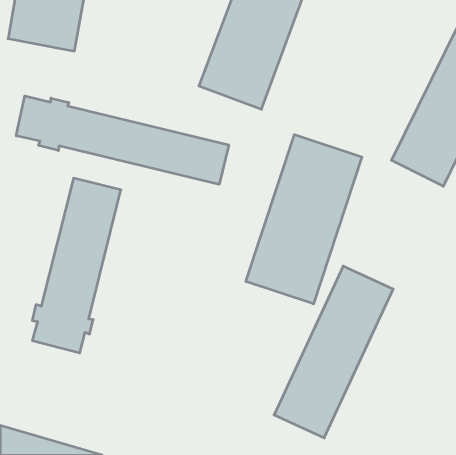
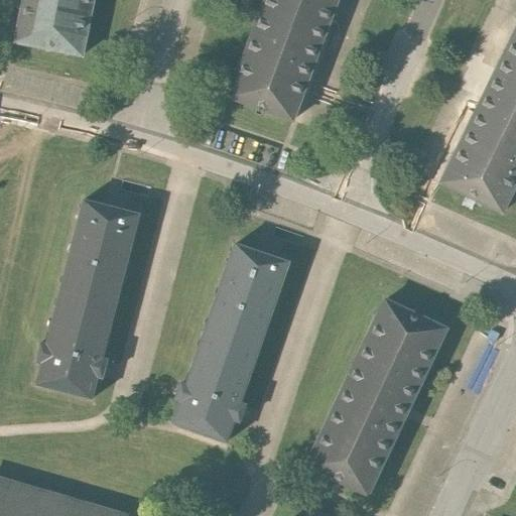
building: [16,96,229,184] -> none
building: [246,135,362,304] -> none
building: none -> [171,236,289,440]

